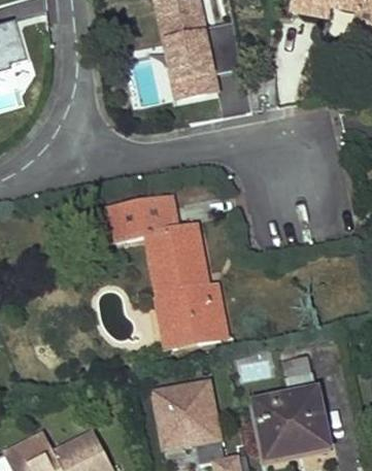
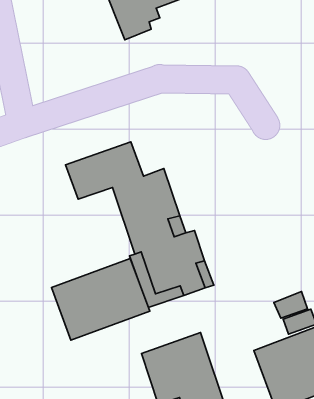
building: none -> [52,258,150,340]

